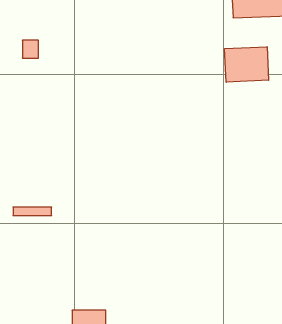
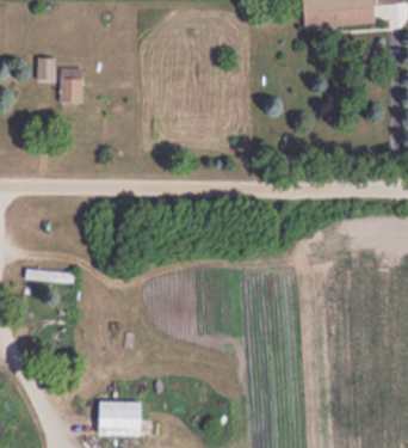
building: [225,47,269,82] -> none
building: none -> [58,68,81,103]

